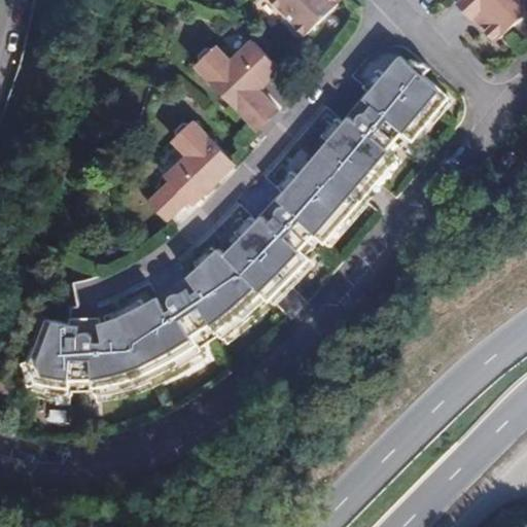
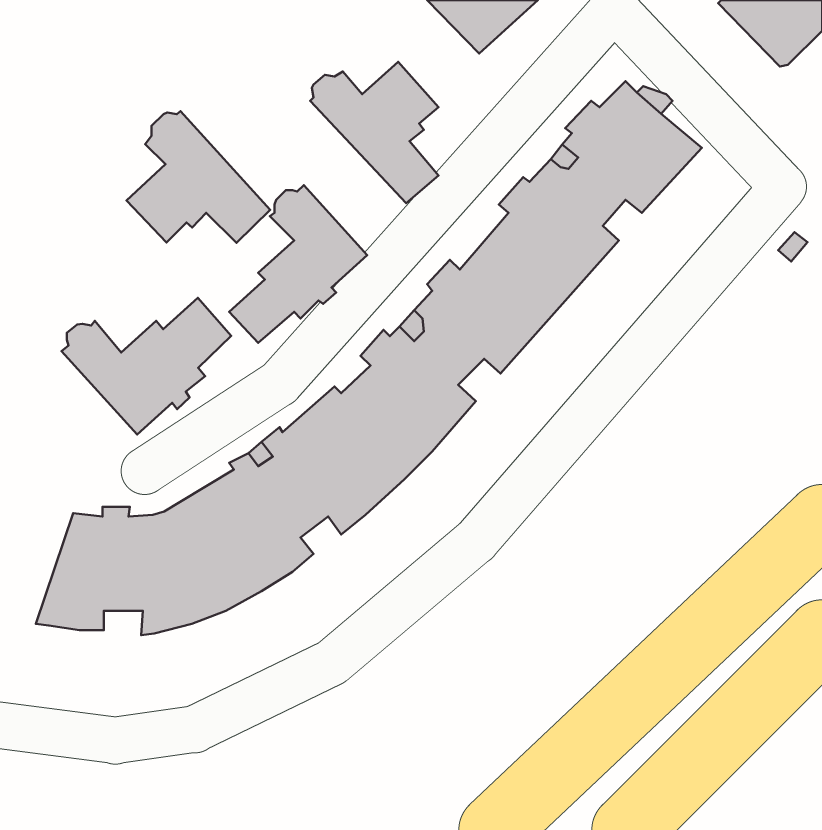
building: none -> [126,111,270,243]
building: none -> [62,298,231,434]

